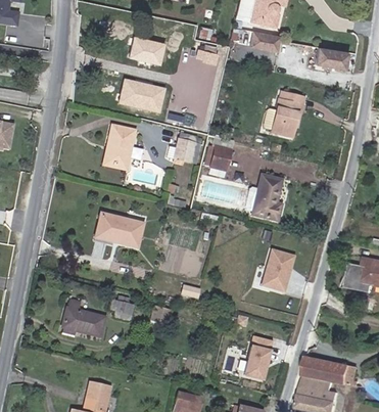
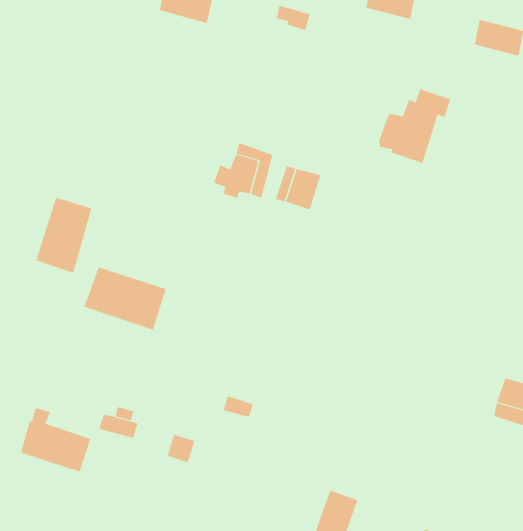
building: [120,78,161,107] -> none
building: [103,126,135,171] -> [36,197,92,274]
building: [254,175,282,219] -> none
building: [257,253,291,293] -> none

